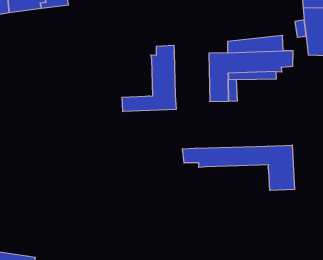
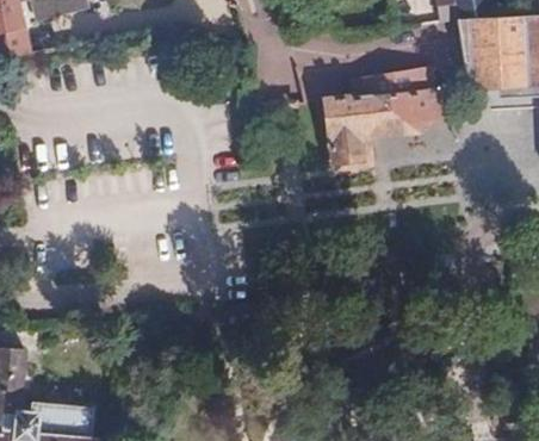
building: [122,45,176,112] -> none
building: [183,145,294,190] -> none

